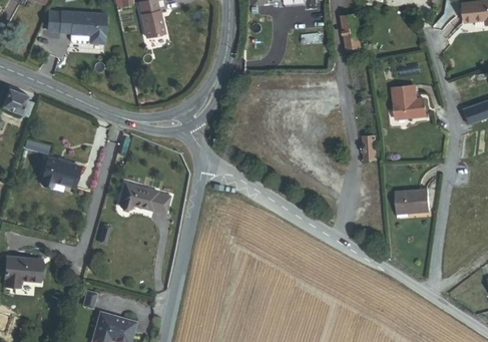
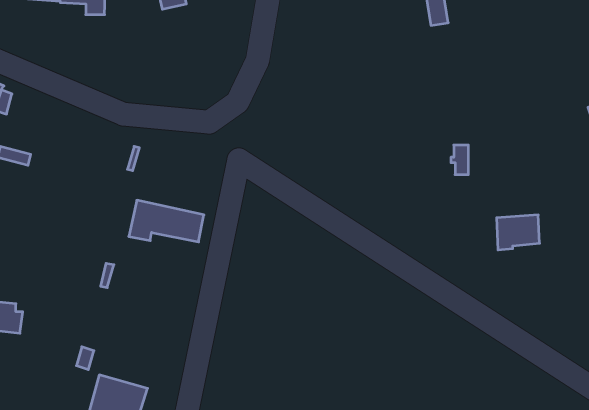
building: [392,88,426,120] -> none
building: [39,157,77,186] -> none

